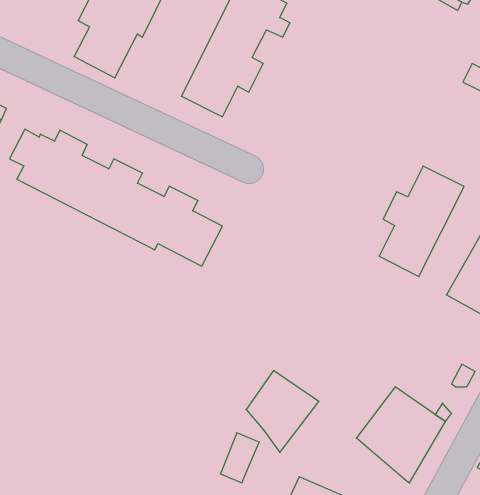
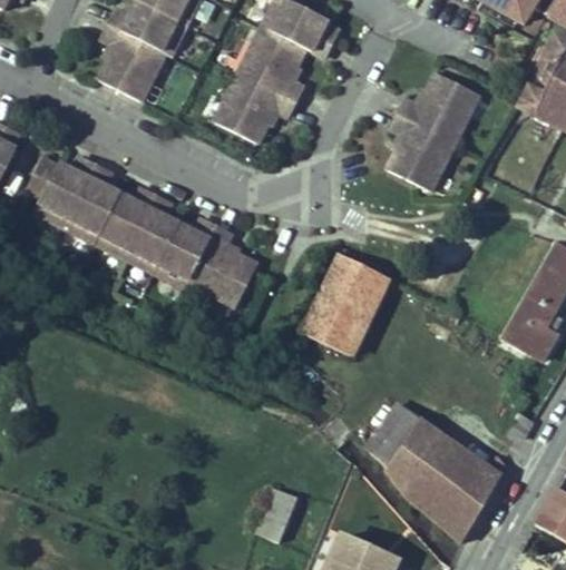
building: [379,166,464,277] -> [388,70,480,190]
building: none -> [301,252,389,354]
building: [246,371,319,452] -> [368,403,447,492]

